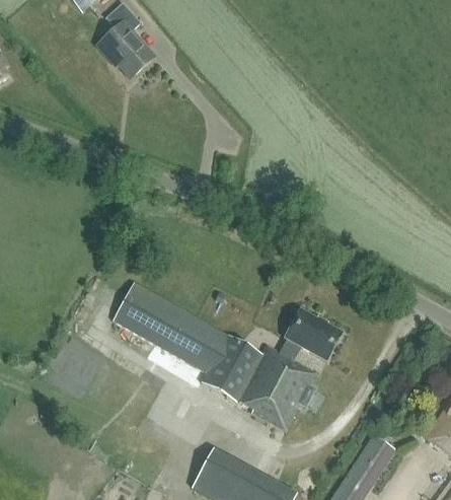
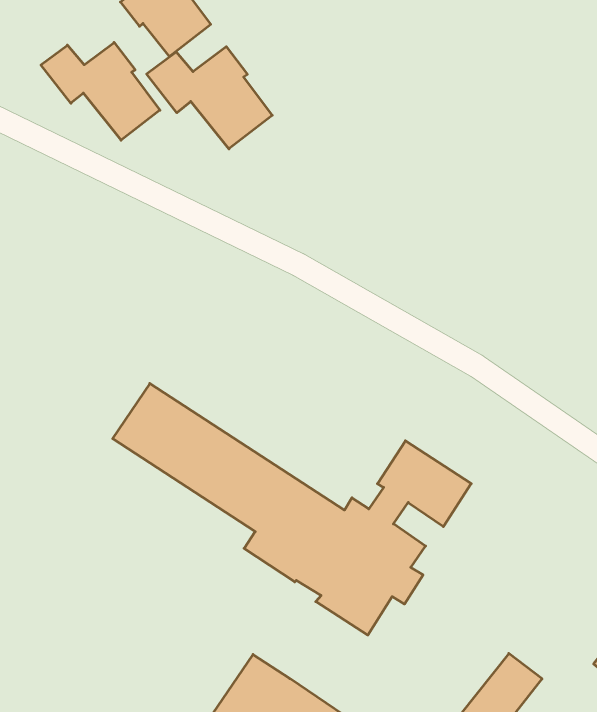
building: none -> [147,47,272,149]
building: none -> [41,42,160,140]

